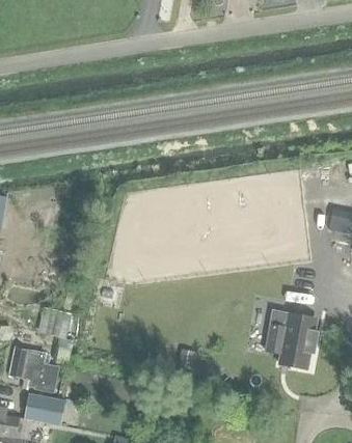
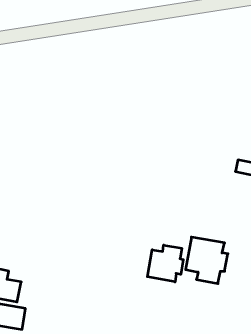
building: none -> [147,245,183,282]

